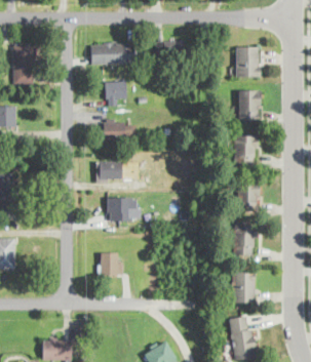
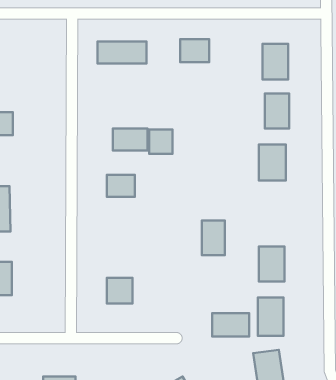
building: [12,46,34,87] -> none
building: [105,82,125,104] -> [149,129,173,154]
building: [238,182,259,212] -> [202,220,225,255]
building: [107,199,131,222] -> none
building: none -> [212,313,249,336]

